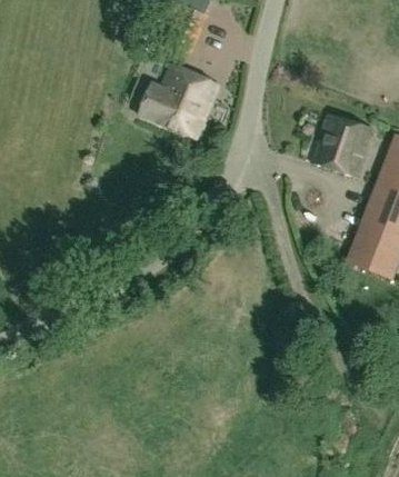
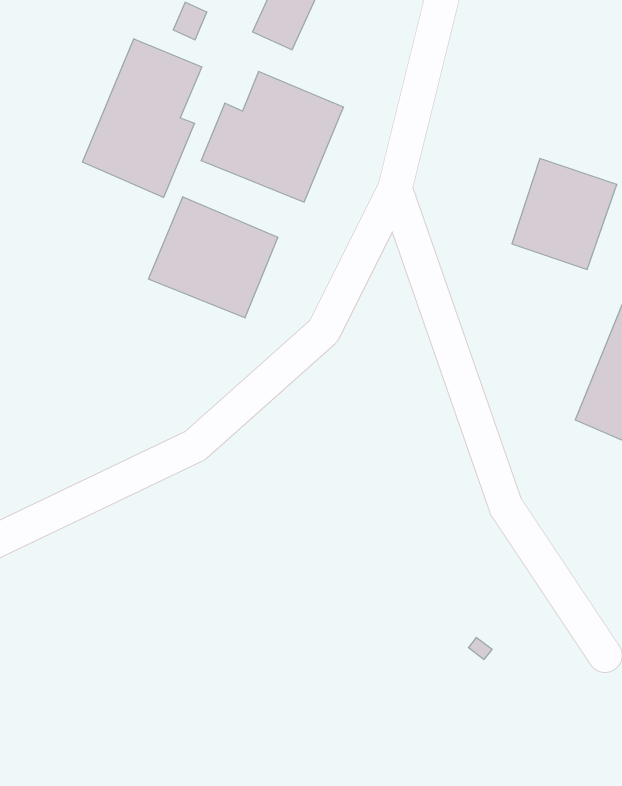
building: none -> [83,39,202,198]
building: none -> [148,197,278,318]

